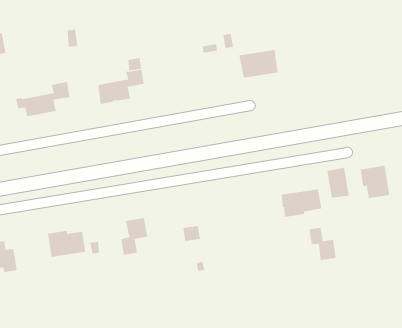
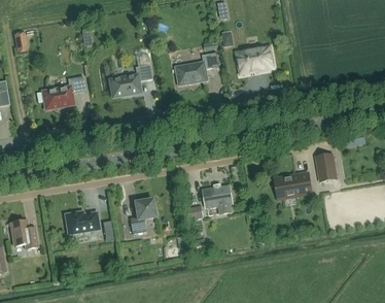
building: none -> [177,54,213,85]
building: [360,165,390,199] -> none
building: none -> [204,187,232,213]
building: [309,227,336,261] -> none

